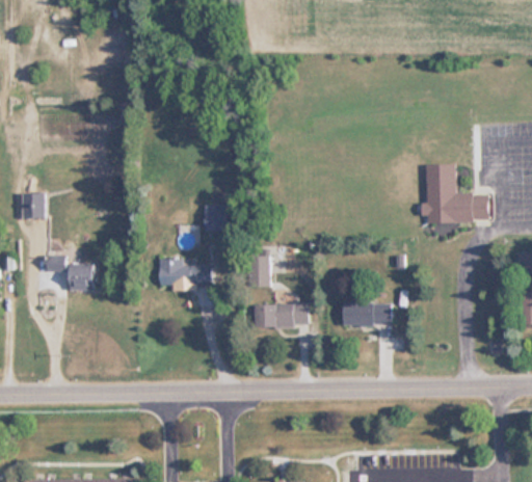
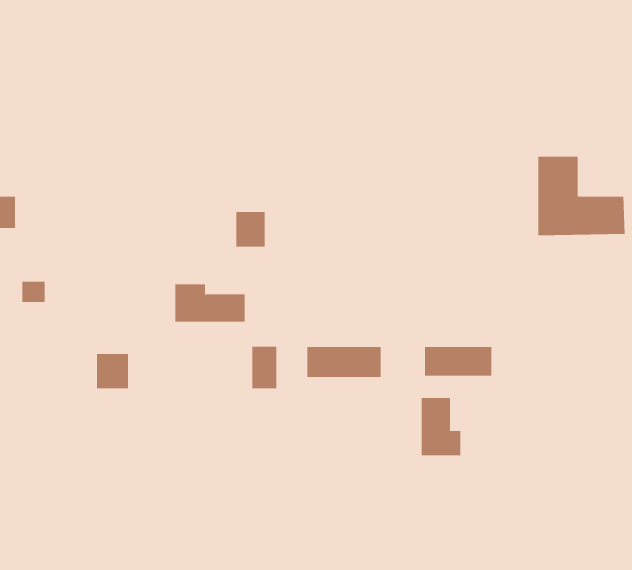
building: [250,256,269,287] -> [252,346,277,389]
building: [69,263,92,289] -> [96,354,129,389]
building: none -> [421,397,461,456]

